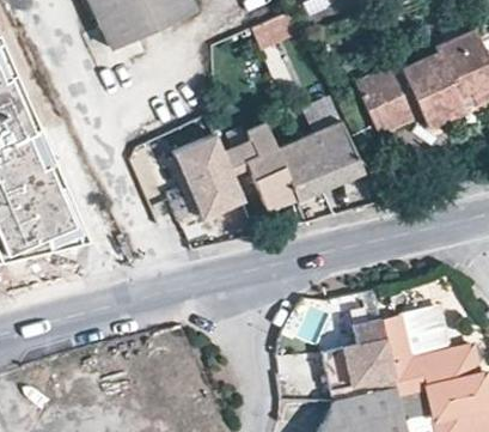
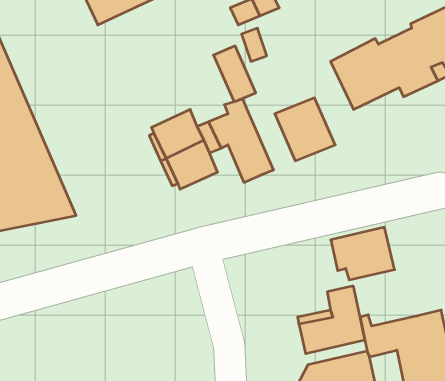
building: [275,140,319,199] -> [213,46,256,102]
building: [380,308,447,363] -> [331,227,395,280]

